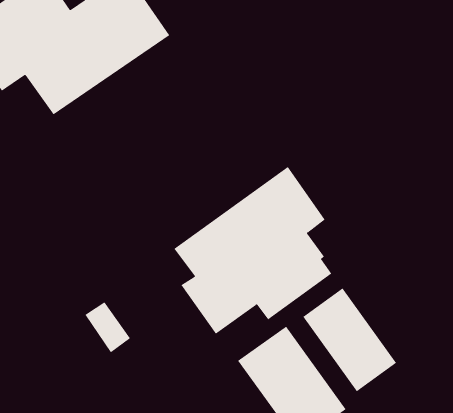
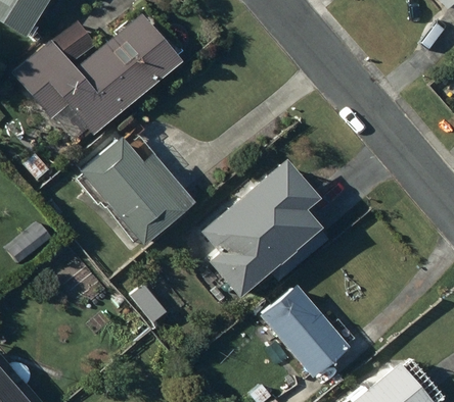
building: none -> [80,135,194,245]
building: [302,287,397,392] -> none

